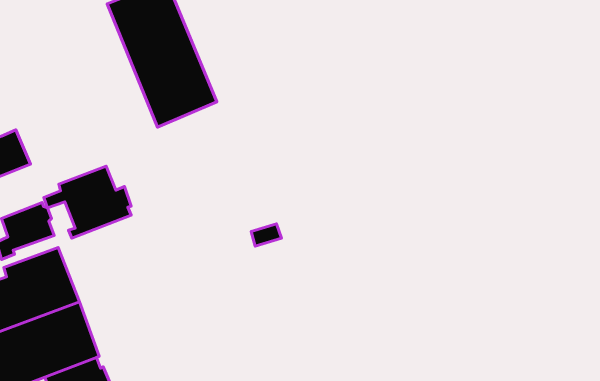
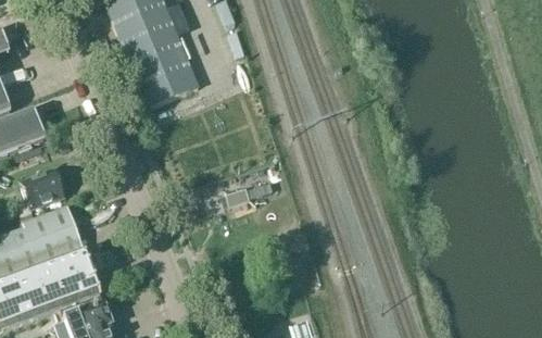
building: [44,166,131,238] -> none

